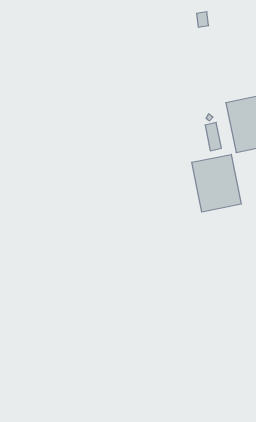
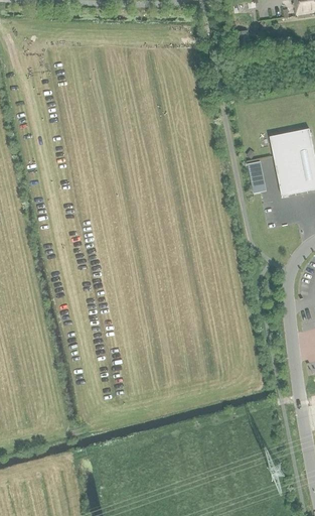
building: [192,154,241,212] -> none

